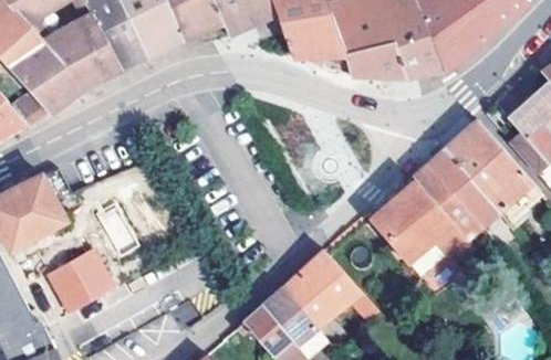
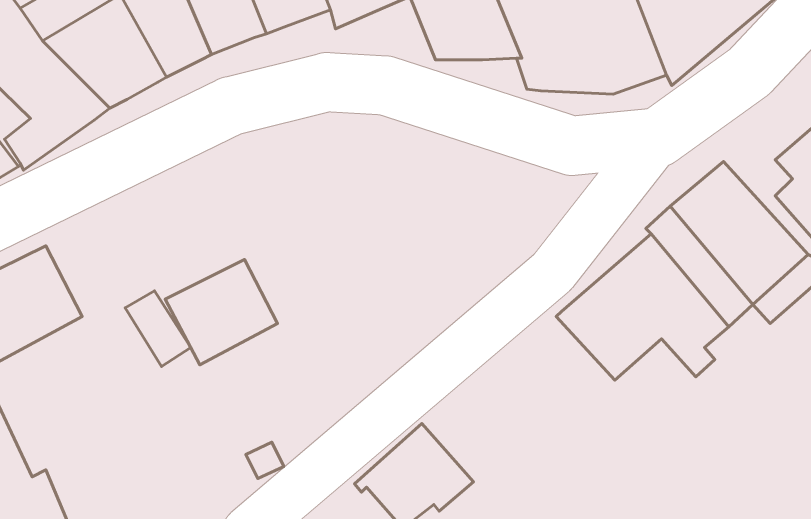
building: [42,247,114,315] -> [165,260,277,365]
building: [284,251,380,327] -> none

